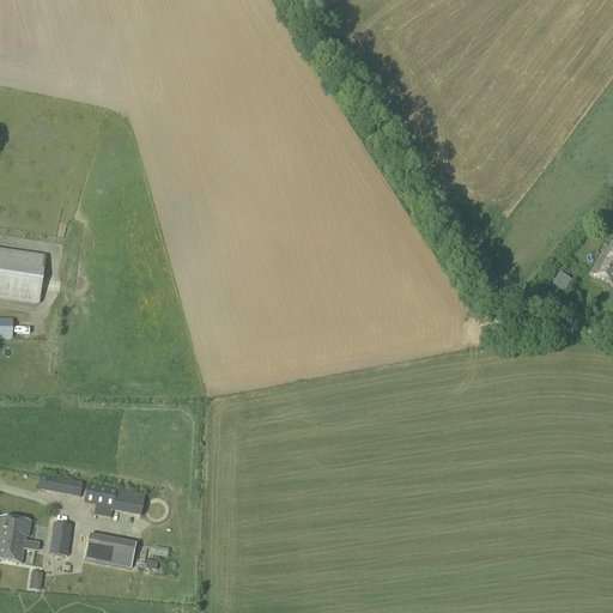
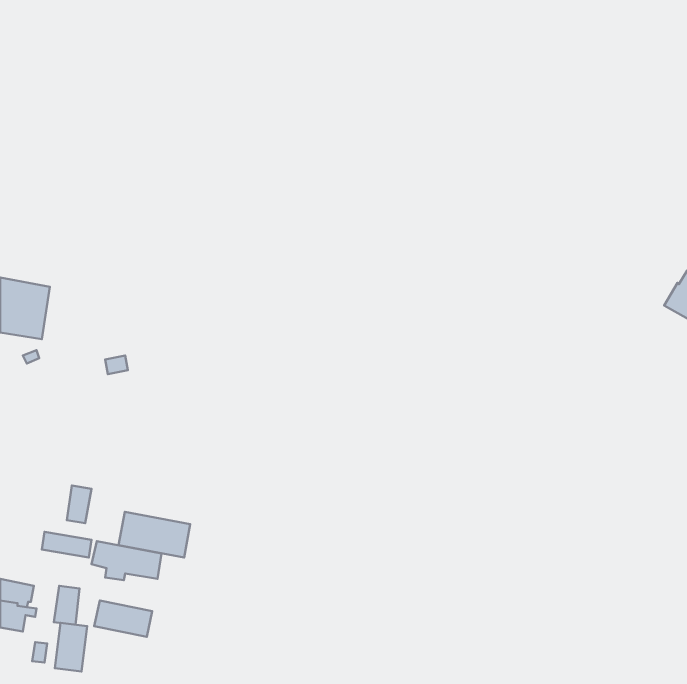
building: none -> [67,485,91,523]
building: none -> [119,512,190,558]
building: none -> [55,623,87,671]

